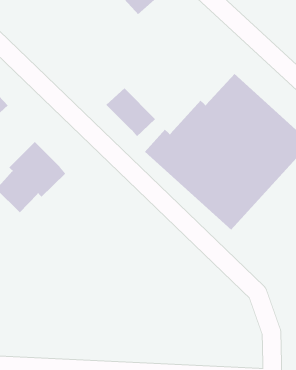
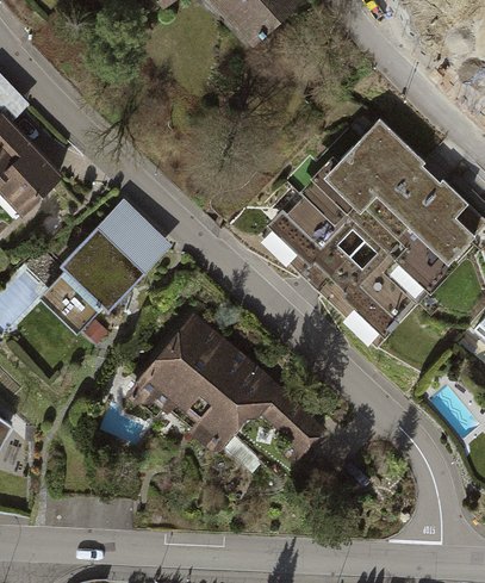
building: [105,88,156,137] -> [97,198,169,269]
building: none -> [122,310,327,451]

